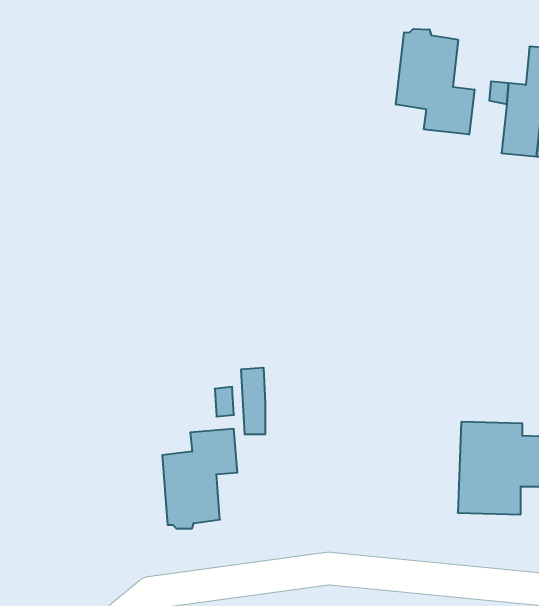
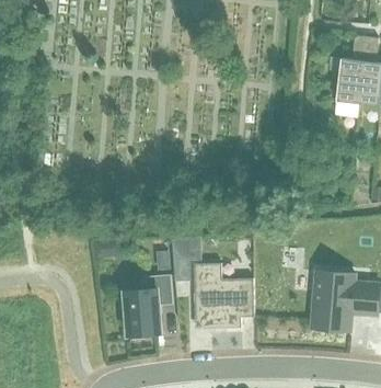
building: [396,29,474,135] -> none
building: none -> [194,264,254,329]

